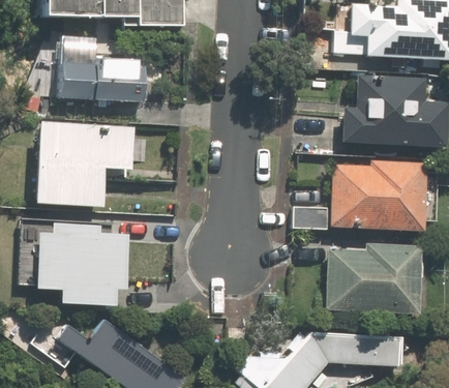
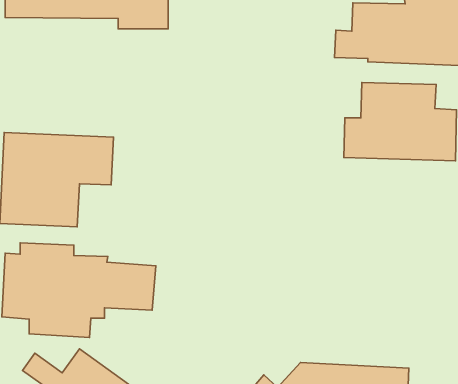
building: [58,38,147,101] -> none
building: [330,158,428,232] -> none
building: [325,241,421,315] -> none

